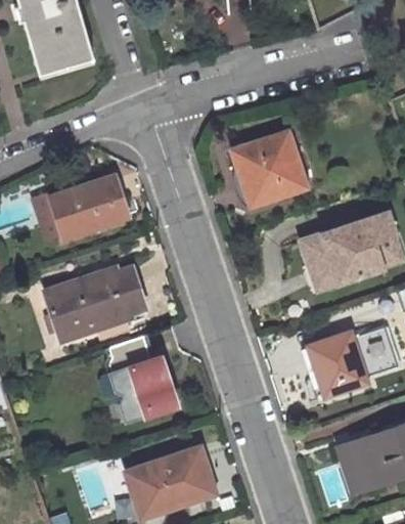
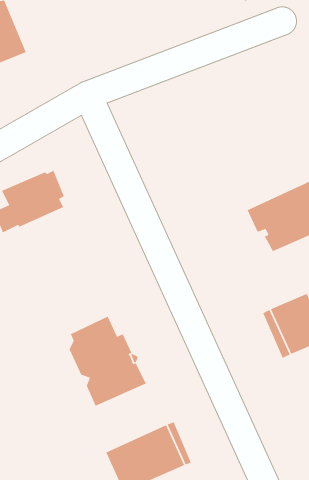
building: [235,133,306,203] -> none
building: [46,264,148,334] -> none

